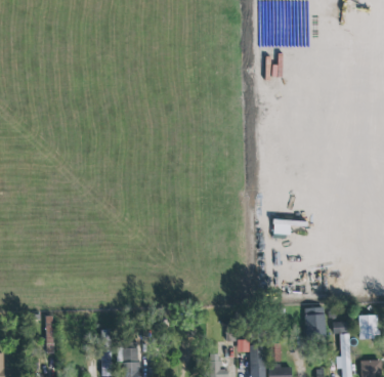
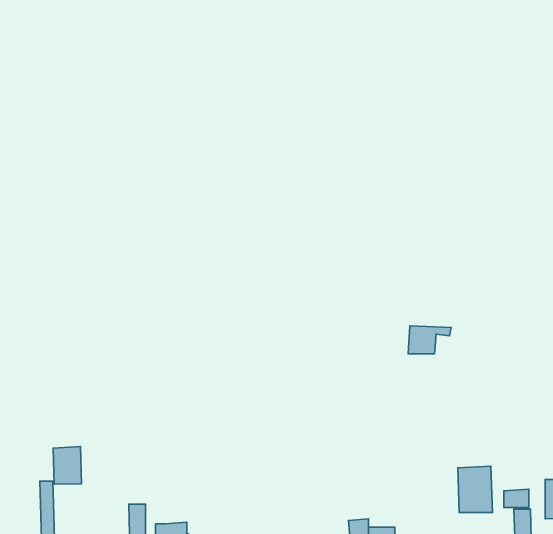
building: none -> [53,446,82,484]

